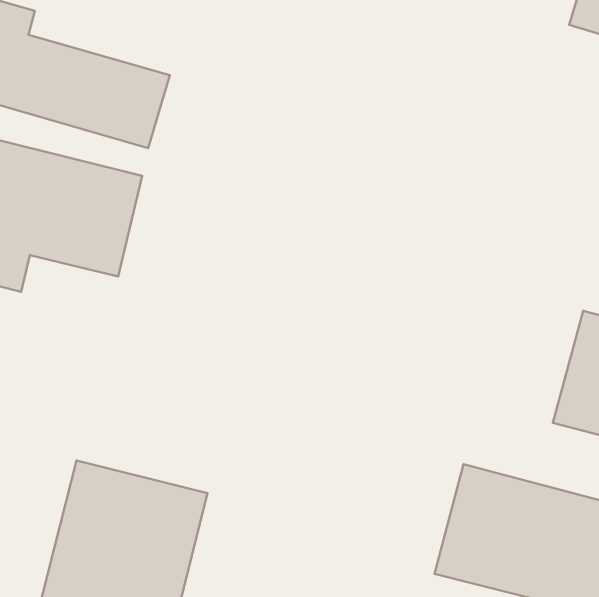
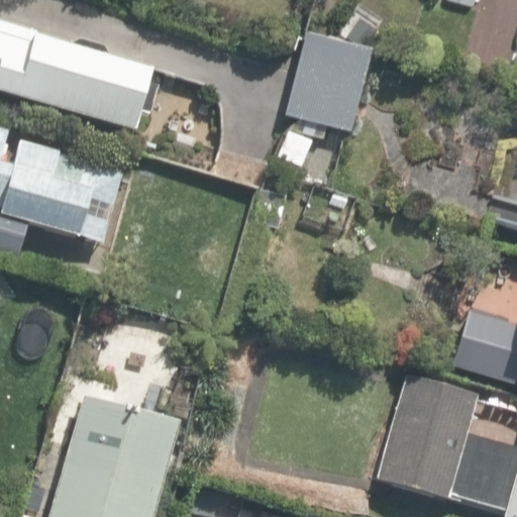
building: none -> [287,26,380,134]

